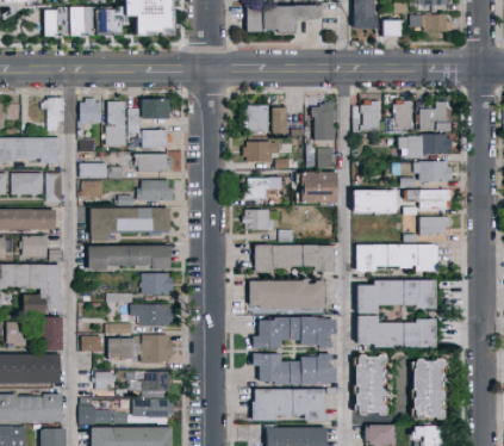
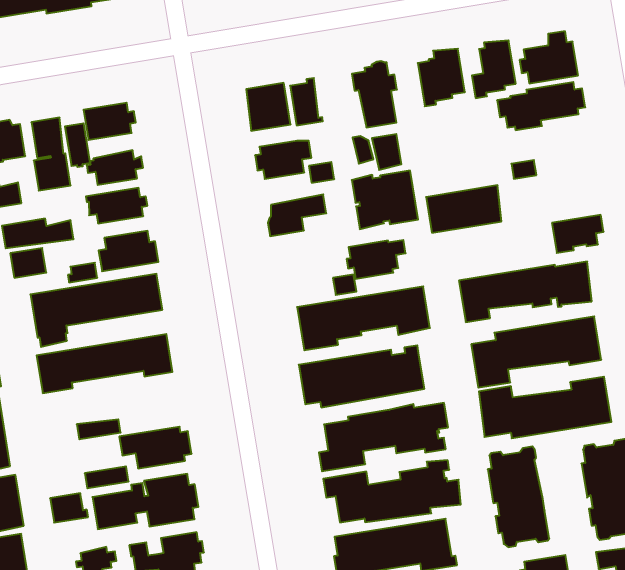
building: [392,160,452,180] -> none
building: [404,188,450,207] -> none
building: [242,209,279,229] -> [347,240,406,279]
building: [142,274,174,295] -> none

